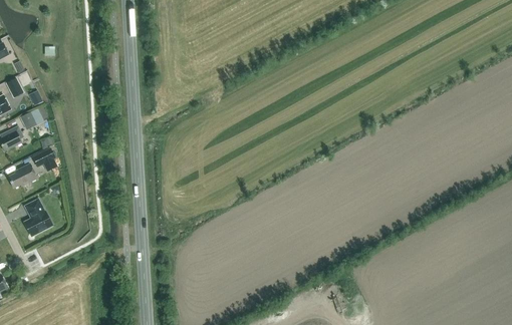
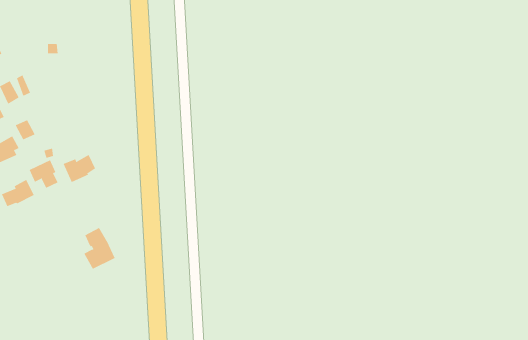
building: none -> [63,154,96,183]
building: [23,198,51,235] -> [83,227,116,270]

